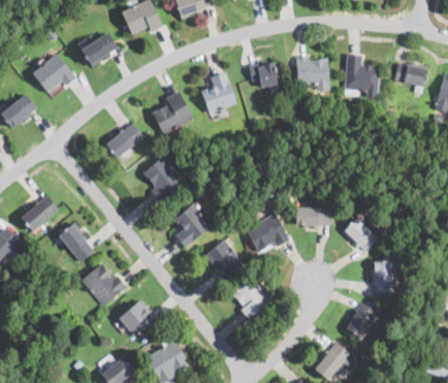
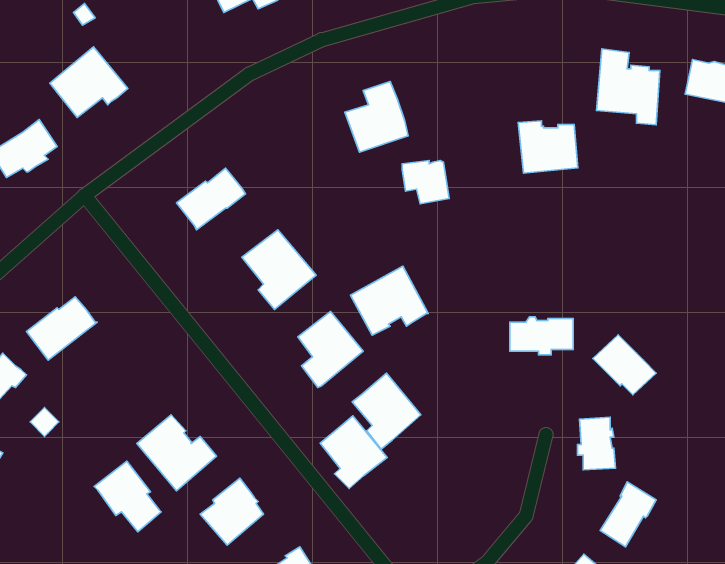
building: [81,31,118,67] -> none
building: [295,56,329,86] -> [518,121,578,173]
building: [250,62,277,87] -> [402,160,449,204]
building: [153,90,195,134] -> none
building: [245,213,289,252] -> [350,266,428,335]
building: [57,221,95,261] -> [94,461,161,532]
building: [372,262,393,292] -> [578,417,616,470]
building: [231,277,269,318] -> [320,416,387,488]

